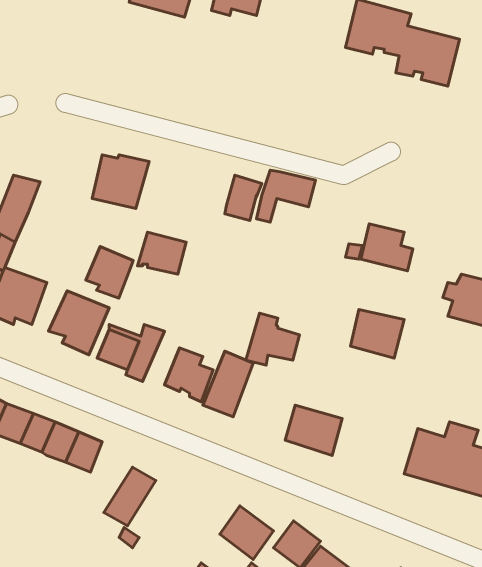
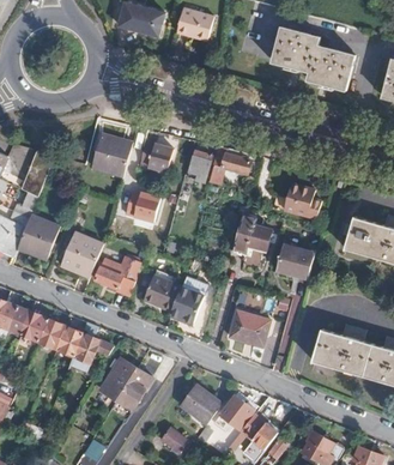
building: none -> [138,140,171,170]
building: [86,246,133,298] -> none
building: [246,313,300,365] -> [231,216,269,253]
building: none -> [116,367,151,409]

